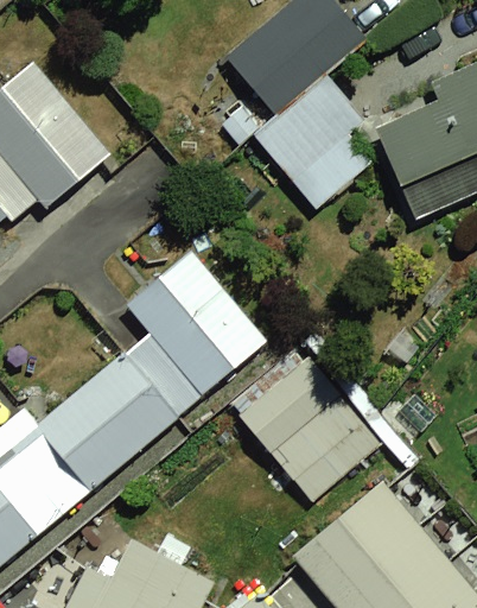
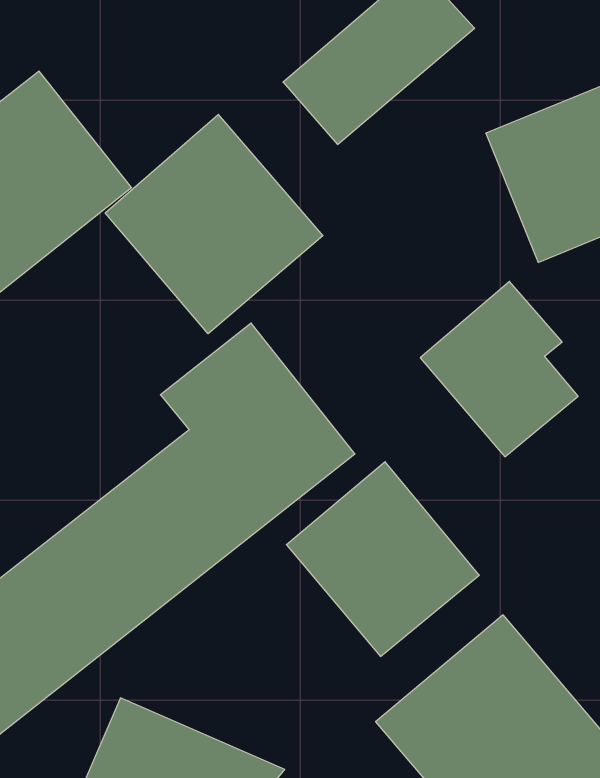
building: [271,90,388,221] -> [420,281,578,457]
building: none -> [105,114,323,334]

